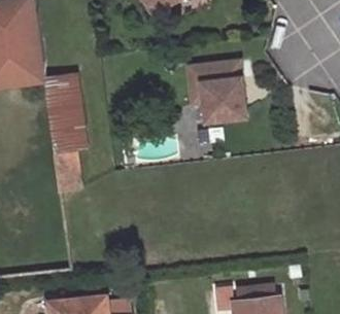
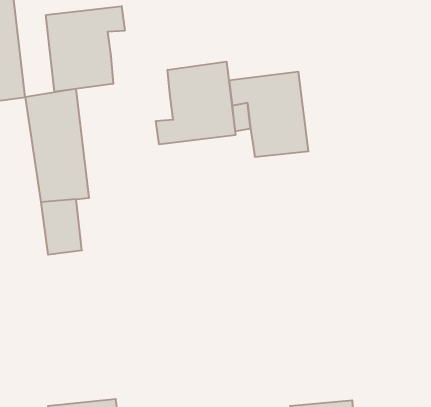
building: none -> [46,6,125,92]
building: none -> [156,62,235,144]

